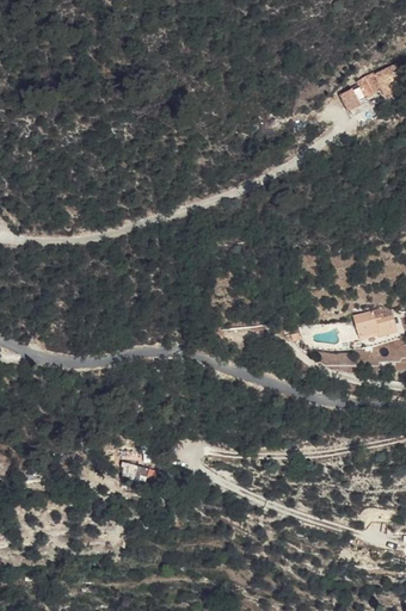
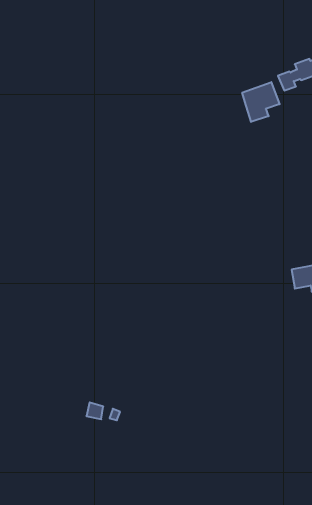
building: none -> [242,82,280,122]

